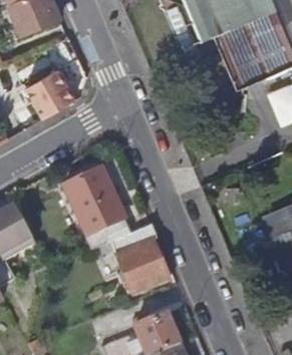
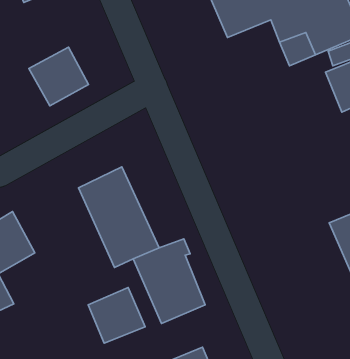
building: none -> [88,288,145,343]

